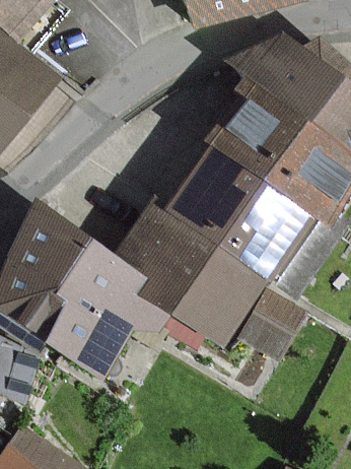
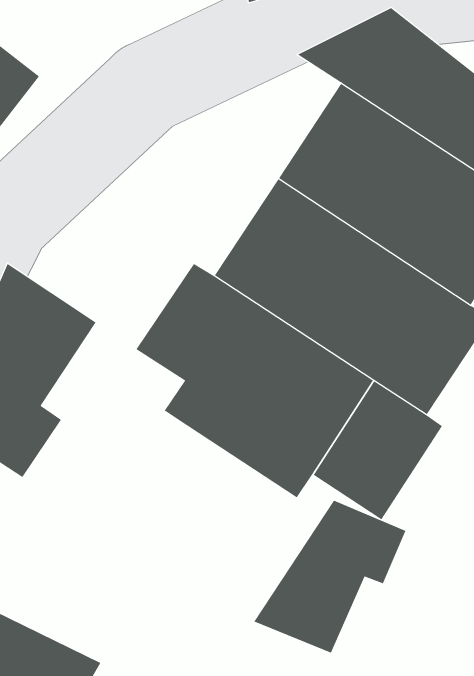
building: [44,237,150,376] -> none
building: none -> [254,500,406,653]

